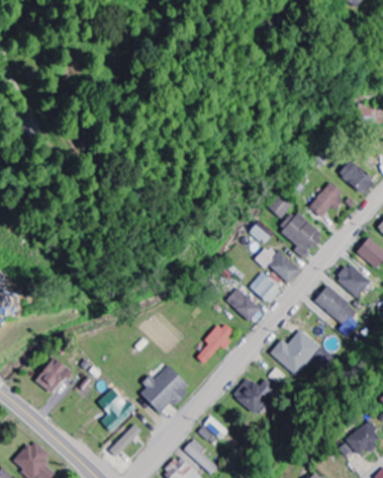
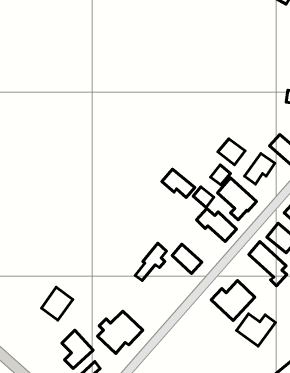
building: none -> [218,139,245,165]
building: none -> [162,169,195,198]
building: [249,271,282,304] -> none
building: [196,320,232,364] -> [135,243,166,281]
building: [33,355,70,394] -> [41,287,73,320]
building: [233,377,279,414] -> [236,314,276,346]

